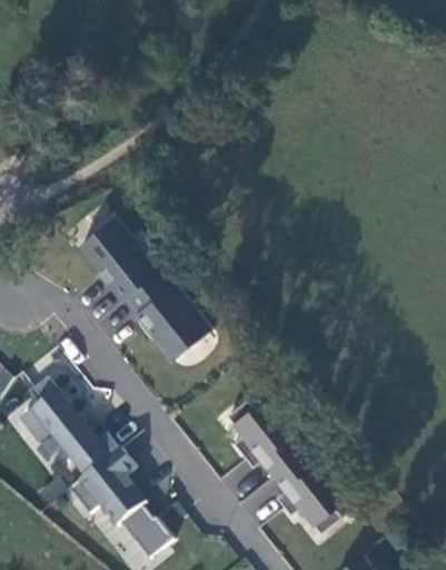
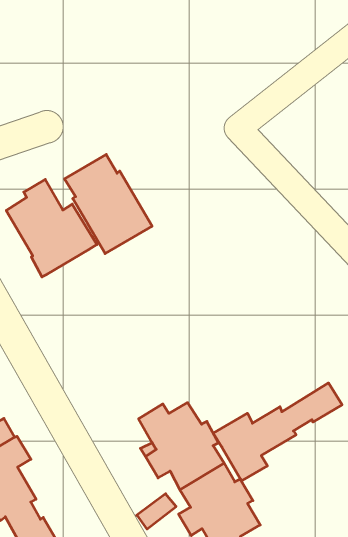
building: [125,271,210,361] -> [65,154,152,254]
building: none -> [213,383,342,481]

